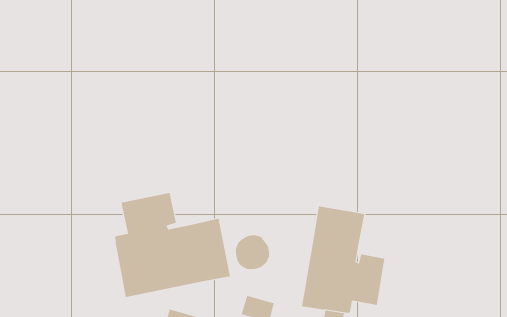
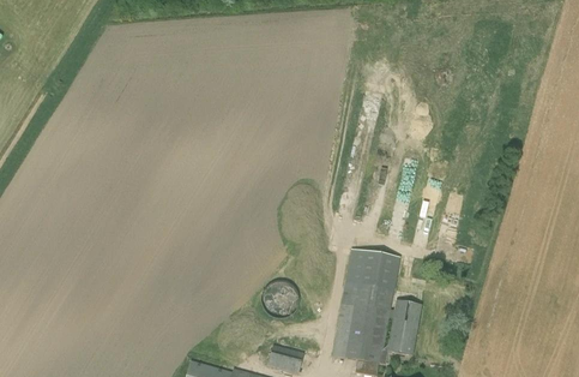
building: [115,192,231,298] -> none

